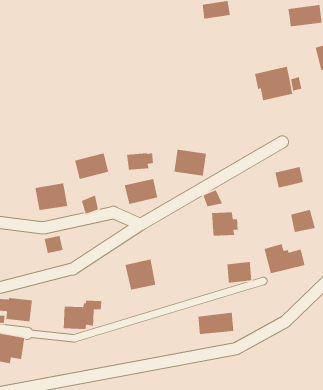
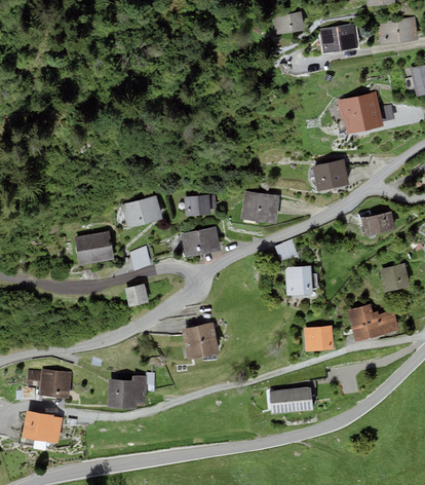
building: none -> [319,25,357,51]
building: none -> [311,159,348,191]
building: [44,235,64,254] -> [123,284,147,306]

